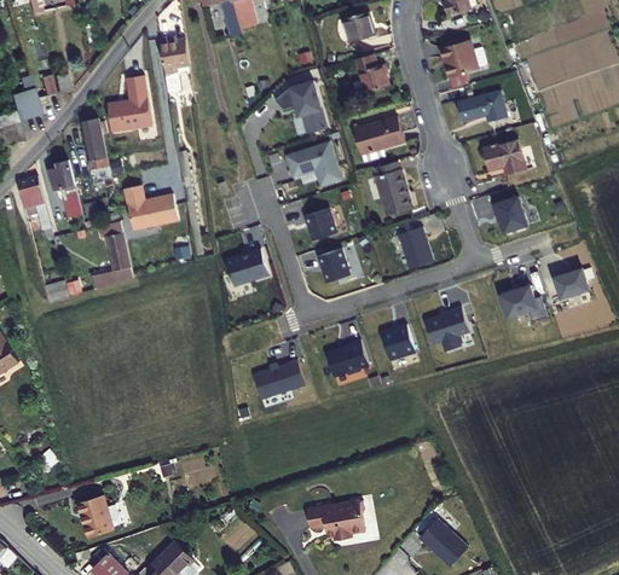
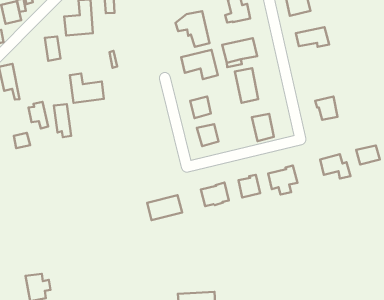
building: [479,139,523,176] -> none
building: [42,163,74,203] -> [28,102,48,128]
building: [227,246,271,284] -> none

